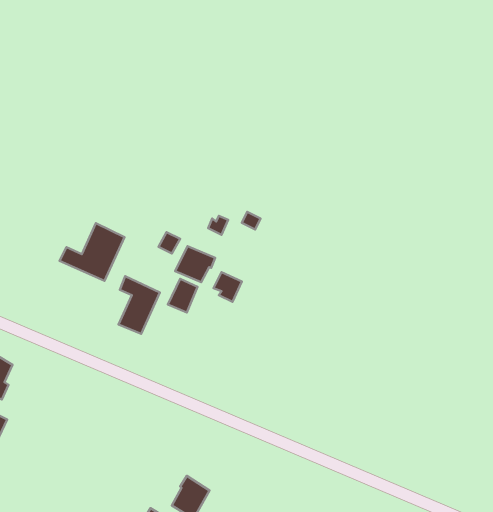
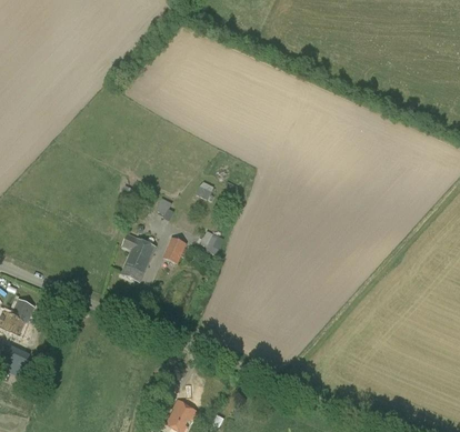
building: [59,223,124,281] -> none
building: [175,246,215,282] -> none

